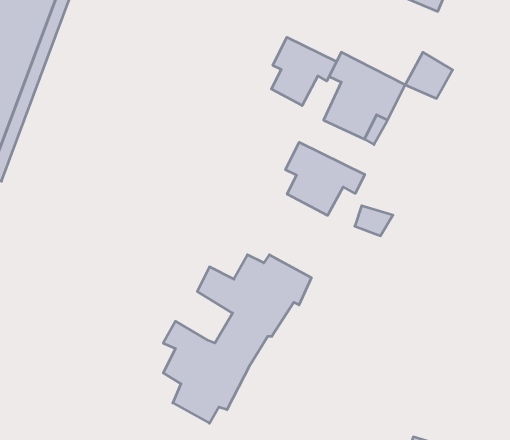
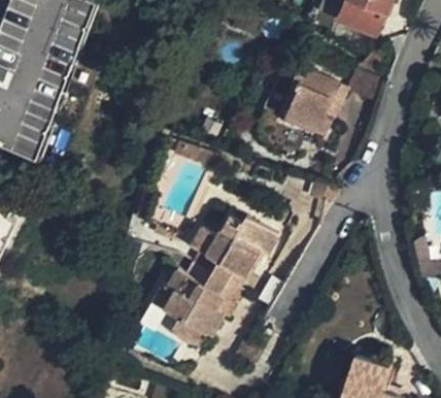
building: [271,37,337,106] -> none
building: [286,142,365,215] -> none

